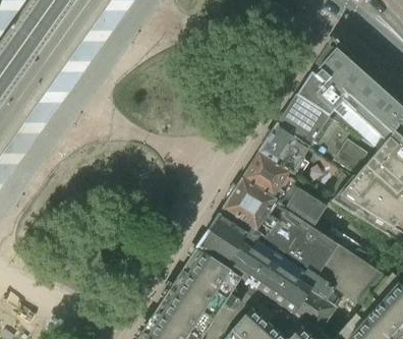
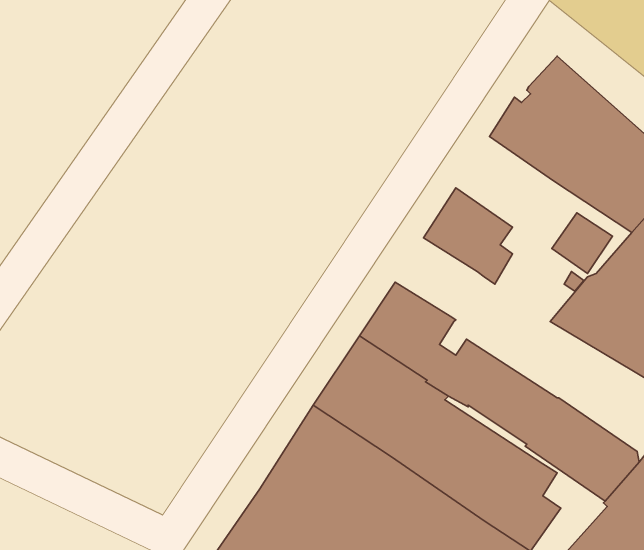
building: [279,94,335,146] -> none
building: [244,152,337,233] -> none

